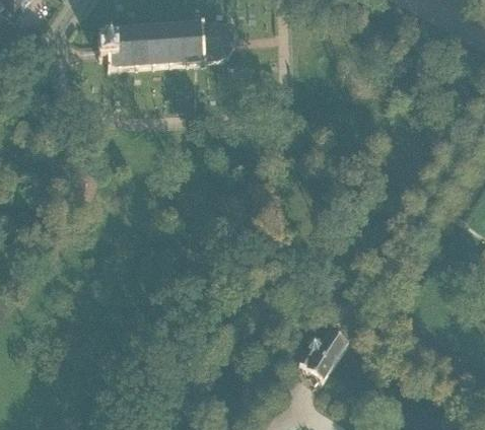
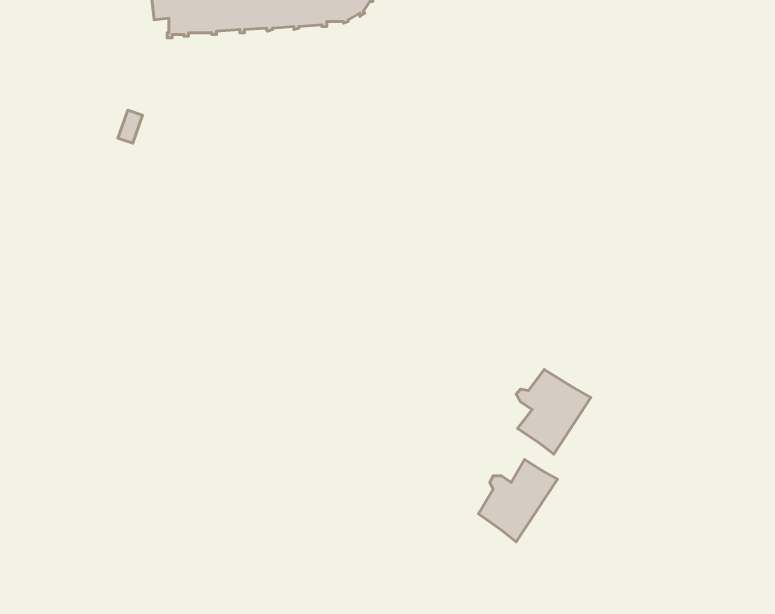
building: none -> [516,369,591,454]

